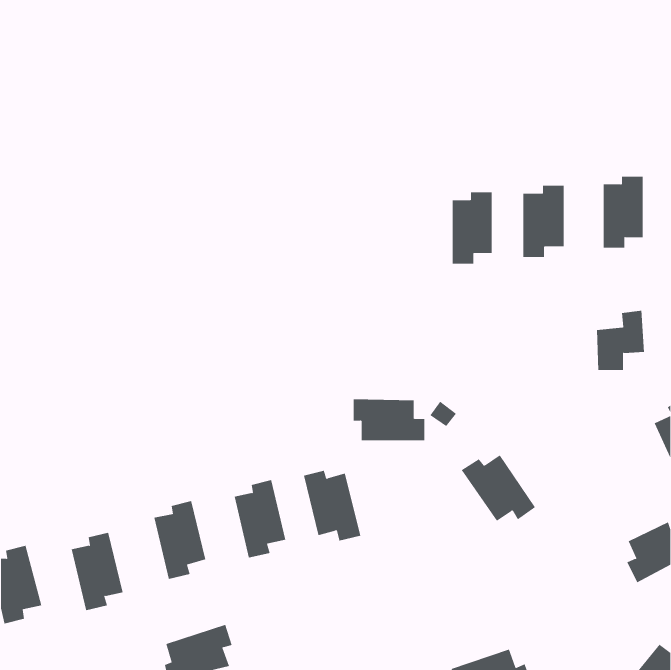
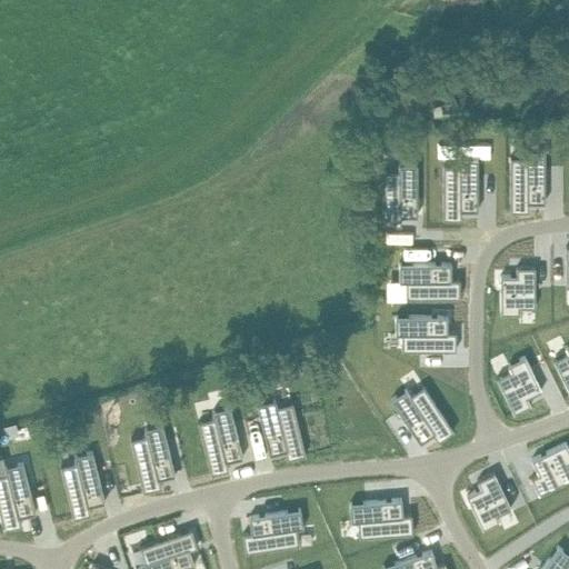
building: none -> [399,262,459,298]
building: [353,399,425,441] -> [395,315,456,350]
building: none -> [496,356,541,413]
building: none -> [466,471,511,529]
building: none -> [349,498,412,537]
building: none -> [242,508,303,552]

